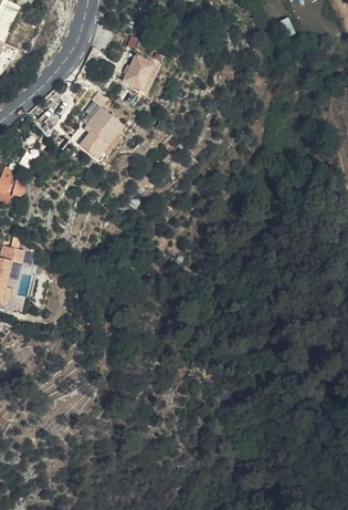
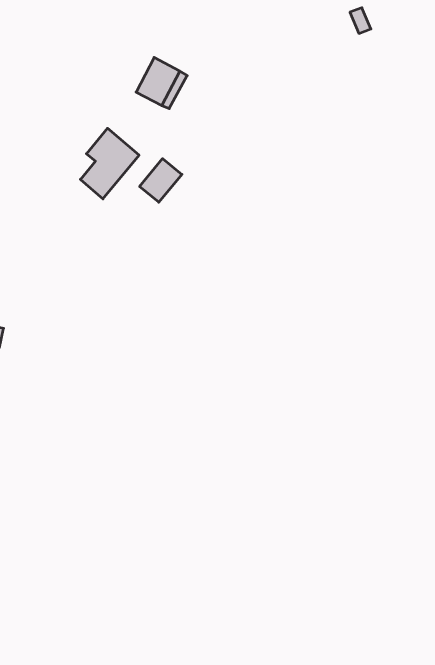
building: none -> [140,159,182,202]

